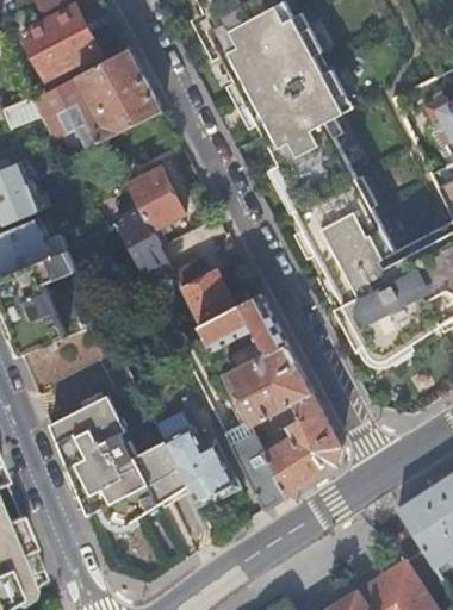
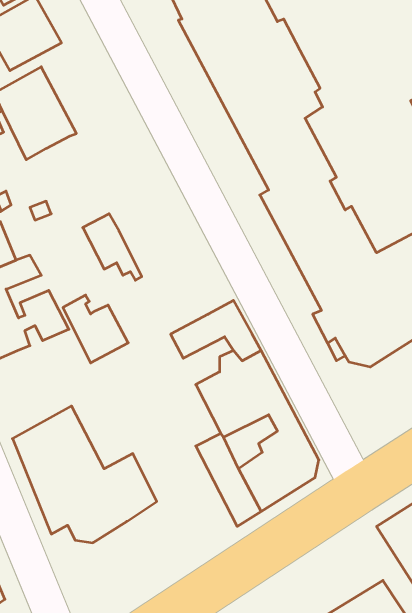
building: [77,46,162,136] -> none
building: [129,167,185,229] -> none
building: [174,262,236,326] -> [63,295,128,363]
building: [165,427,237,503] -> none

